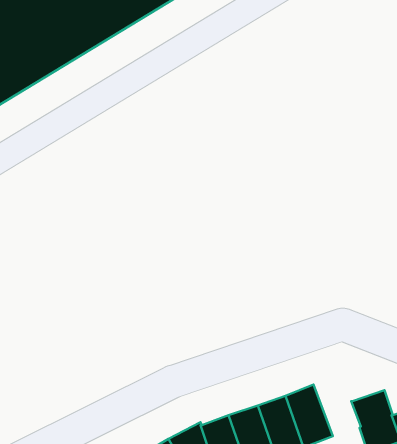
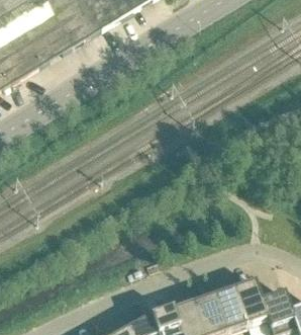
building: none -> [232,282,267,327]

